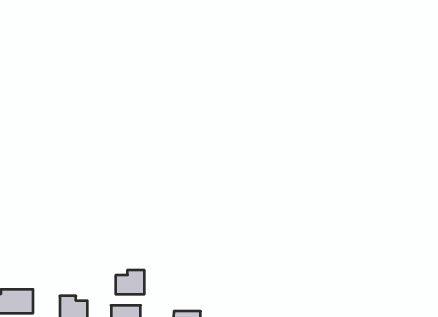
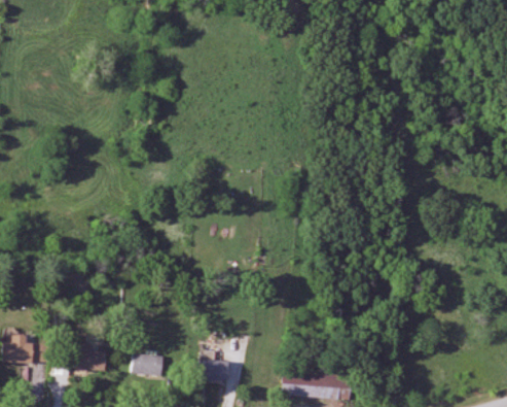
building: [116,270,144,294] -> none

